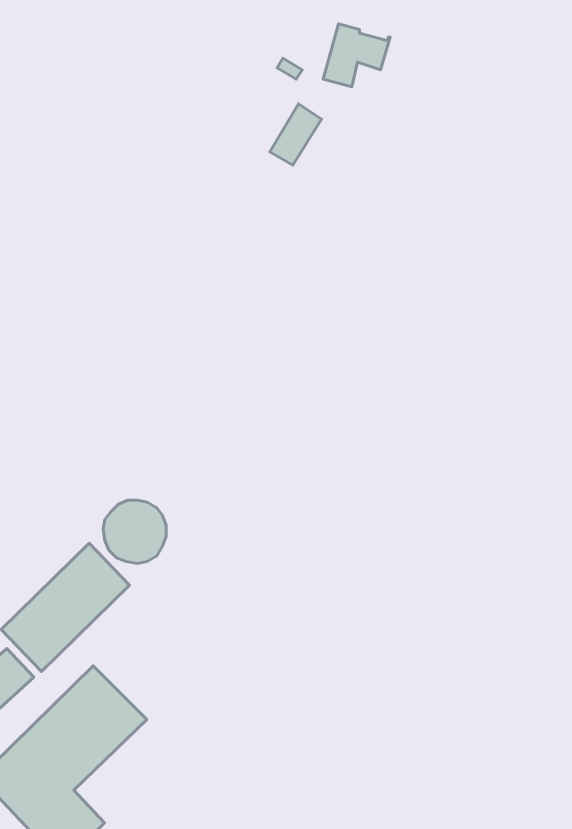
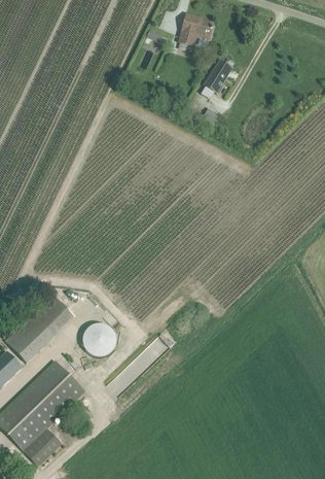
building: [270,104,322,165] -> [204,59,231,92]
building: [103,500,166,563] -> [82,320,116,354]

